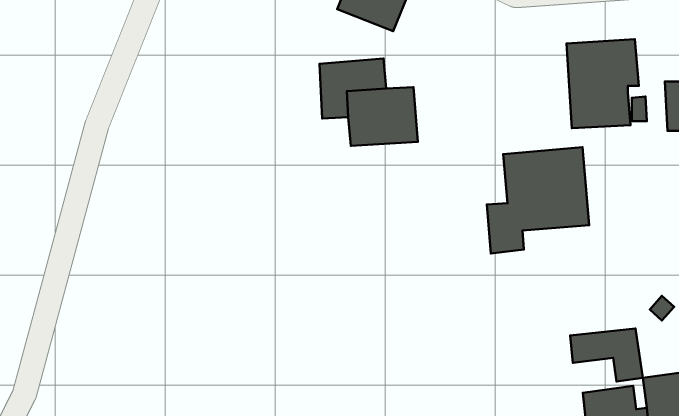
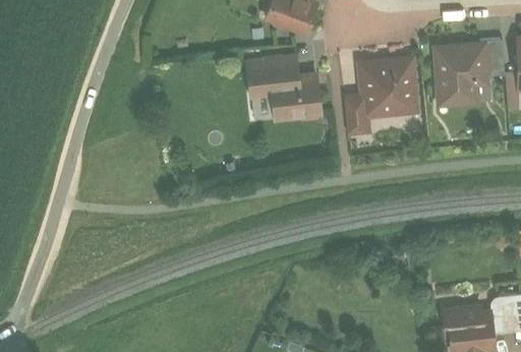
building: none -> [478,41,504,81]
building: [487,147,589,254] -> [344,56,420,135]
building: [570,328,643,381] -> none

